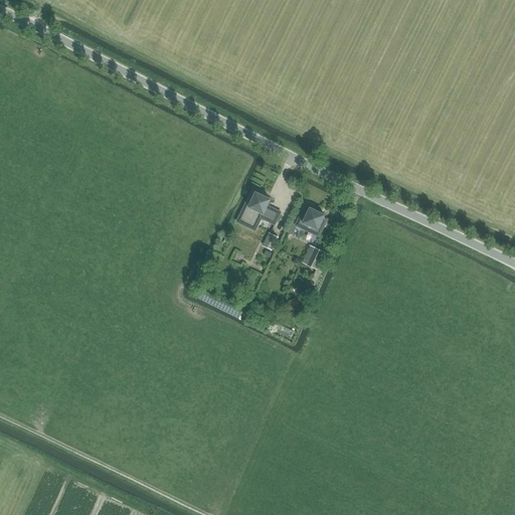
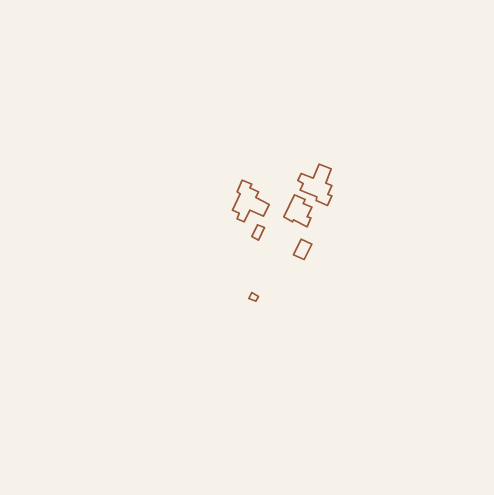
building: none -> [298,164,332,206]

